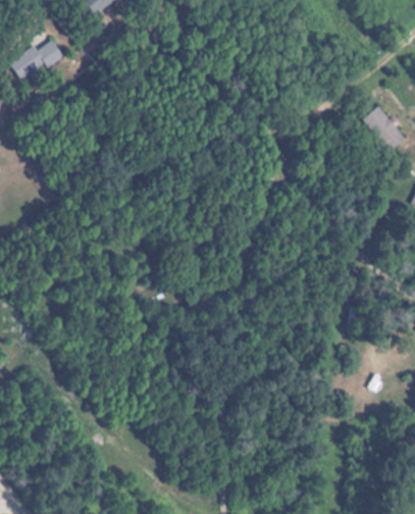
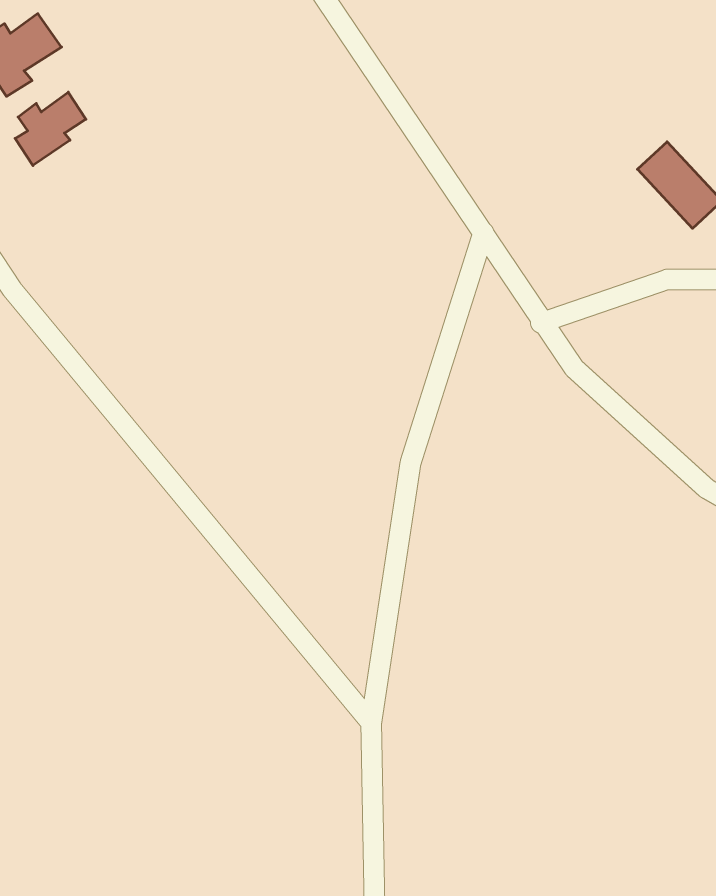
building: none -> [15,92,86,166]

